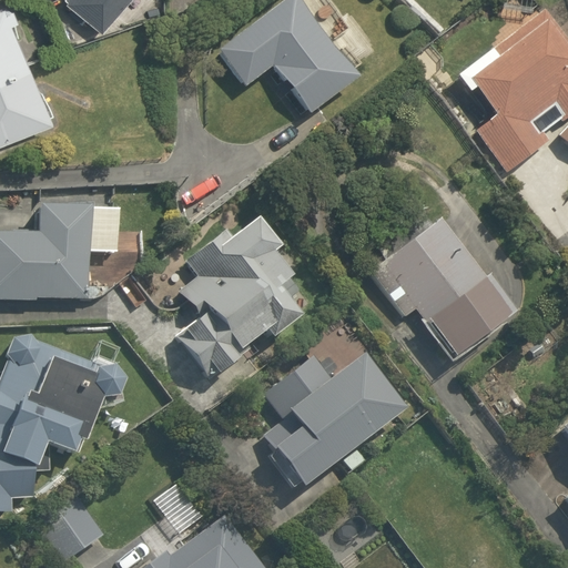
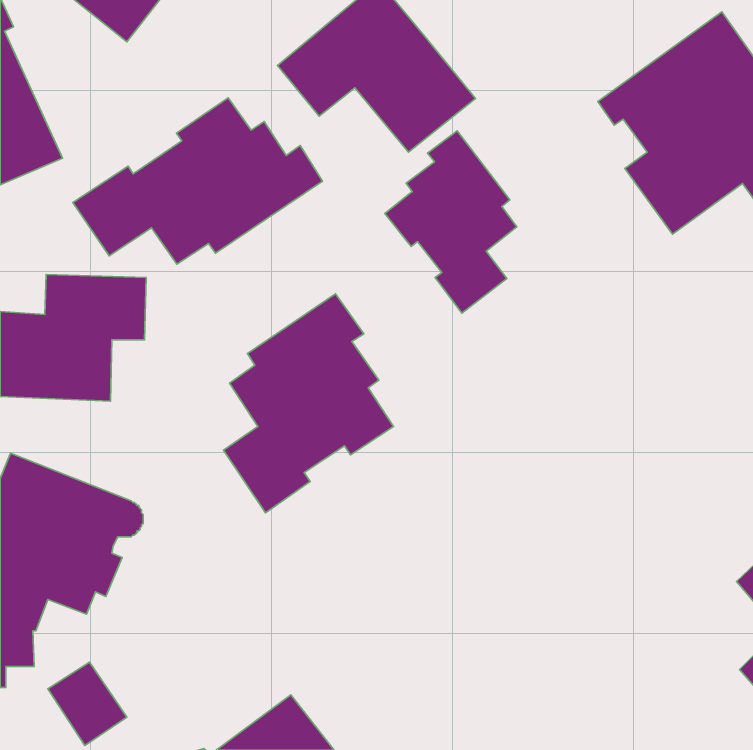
building: none -> [73,98,323,264]
building: none -> [385,131,517,313]
building: [371,219,508,357] -> none
building: [263,358,400,485] -> none

